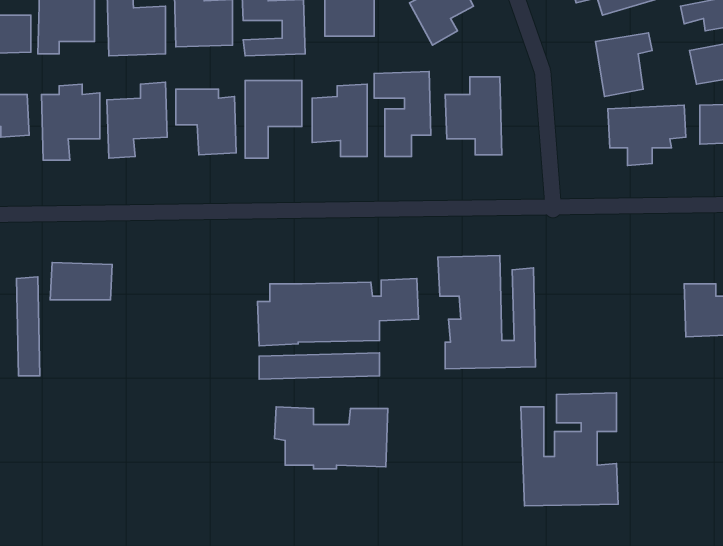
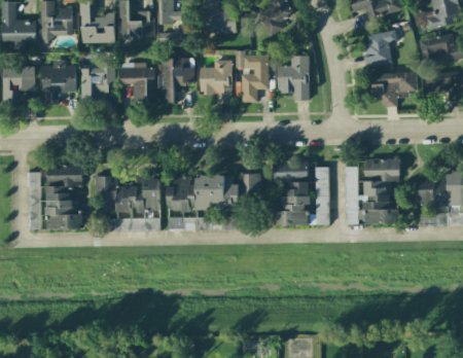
building: none -> [42,186,82,229]
building: [521,393,618,506] -> [345,158,401,224]
building: [274,407,388,469] -> [95,176,161,212]

